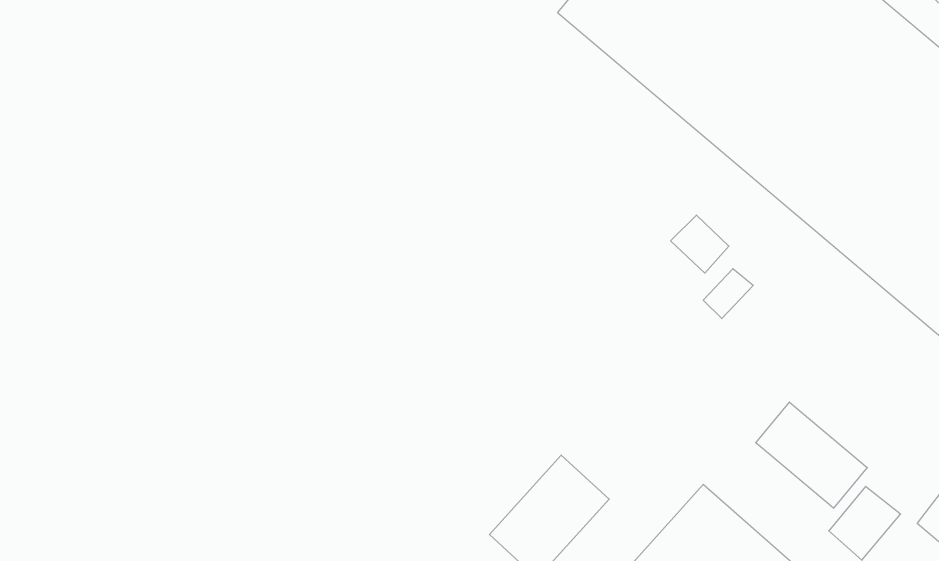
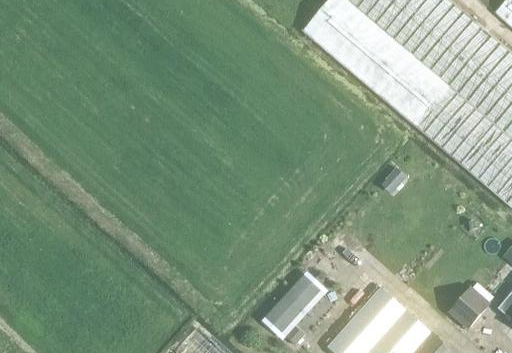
building: [671,215,729,273] -> none
building: [756,402,867,508] -> none

